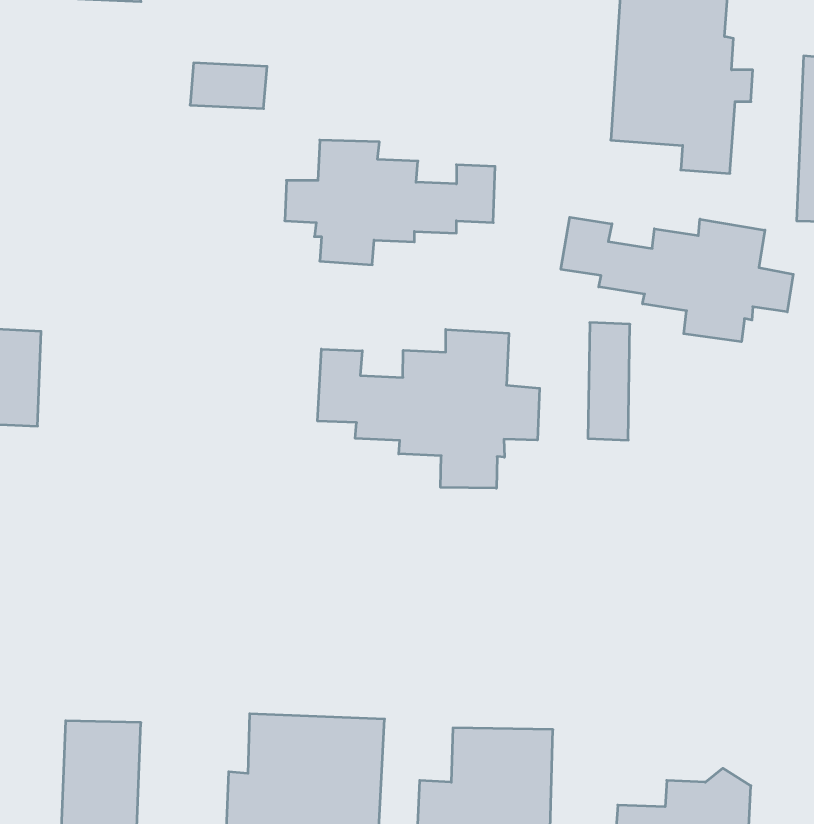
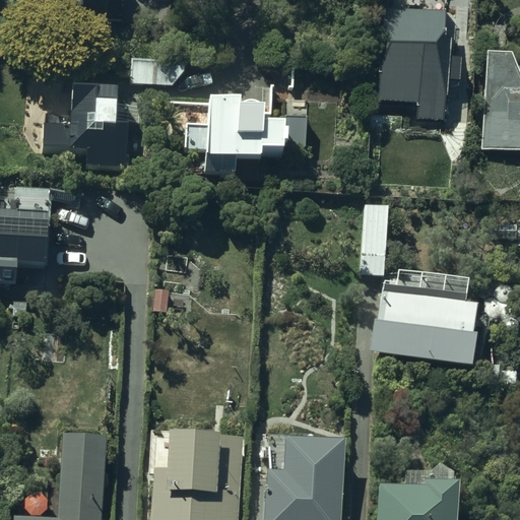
building: none -> [43,88,130,166]
building: [561,217,793,342] -> none
building: [318,329,540,488] -> none
building: none -> [369,271,481,364]

